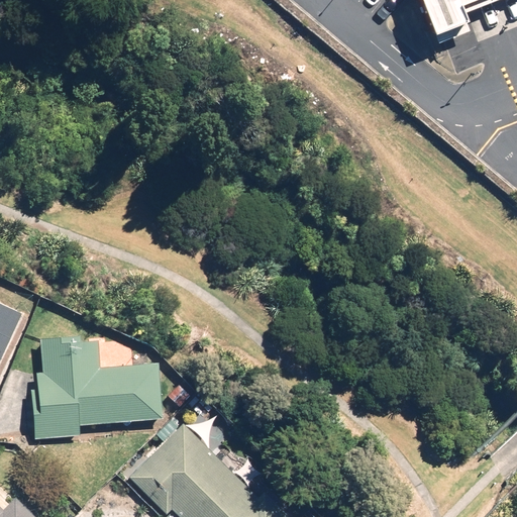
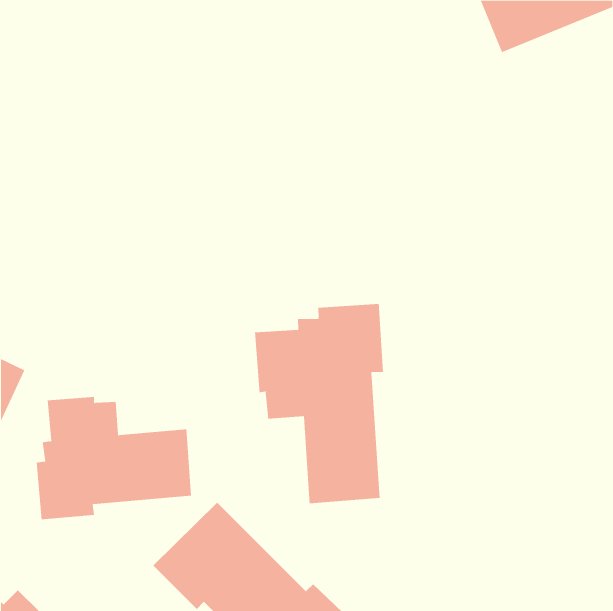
building: none -> [254,303,383,504]

